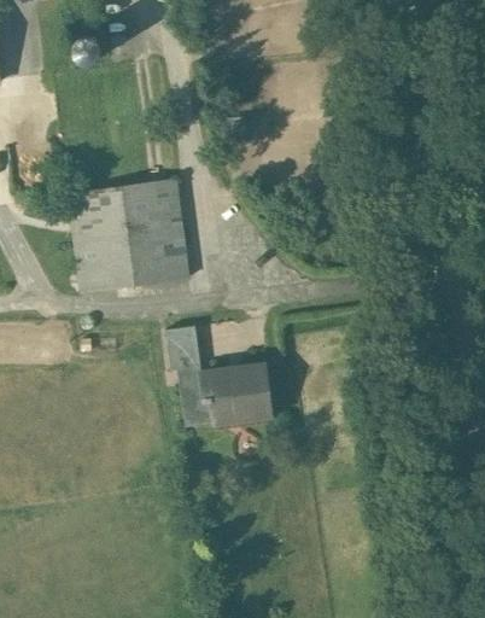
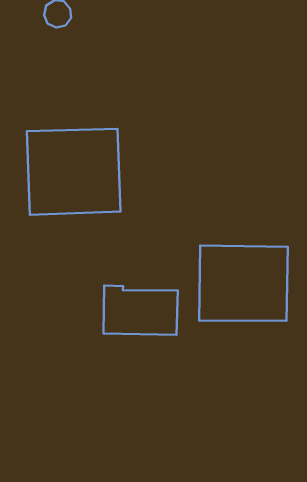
building: none -> [199,245,288,321]
building: [164,325,200,369] -> none

